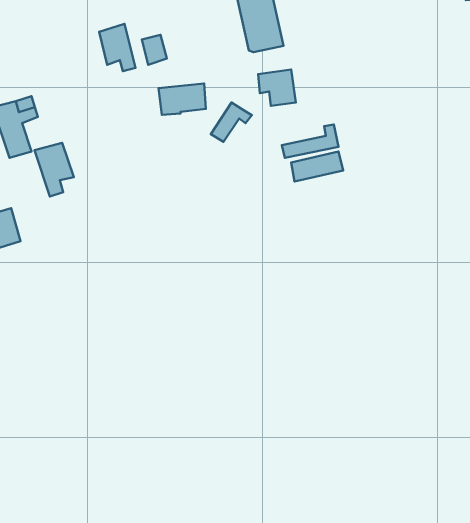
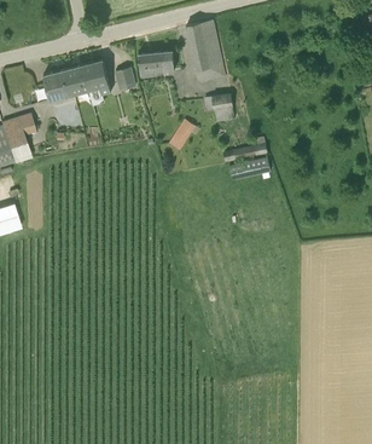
building: none -> [42,65,88,100]
building: [159,83,206,115] -> [136,51,173,75]
building: [35,143,74,196] -> none

